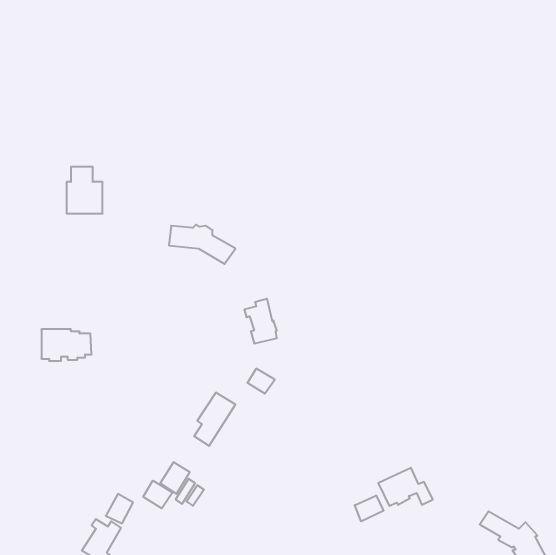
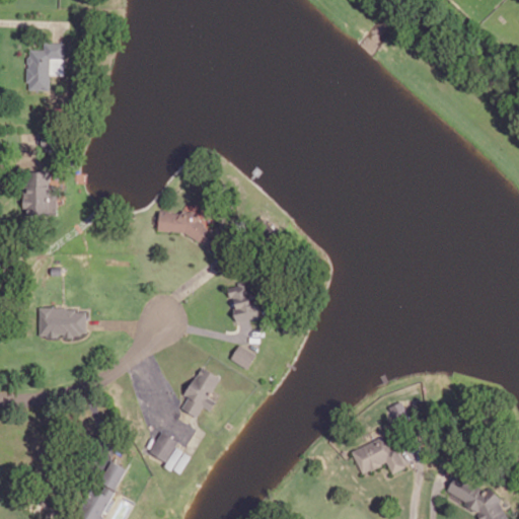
building: none -> [26,43,64,90]
building: [67,167,103,214] -> [22,172,56,216]
building: [143,481,173,508] -> none
building: [355,495,384,521] -> none

